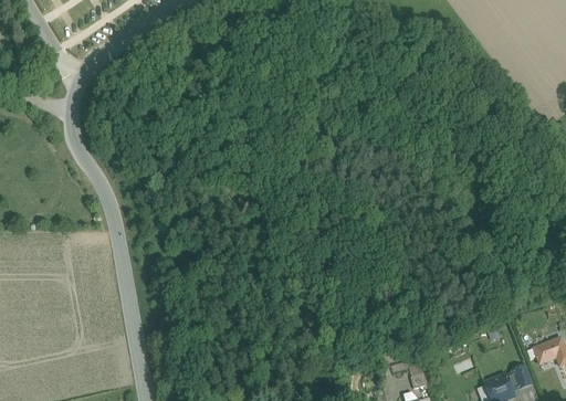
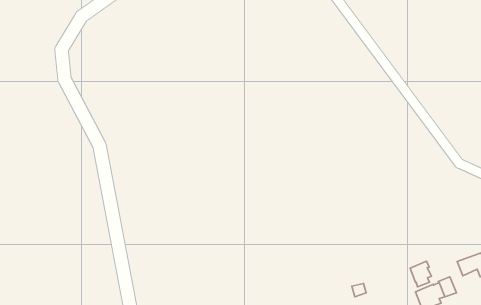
building: none -> [410,261,431,287]

